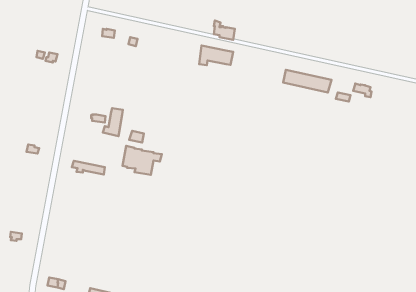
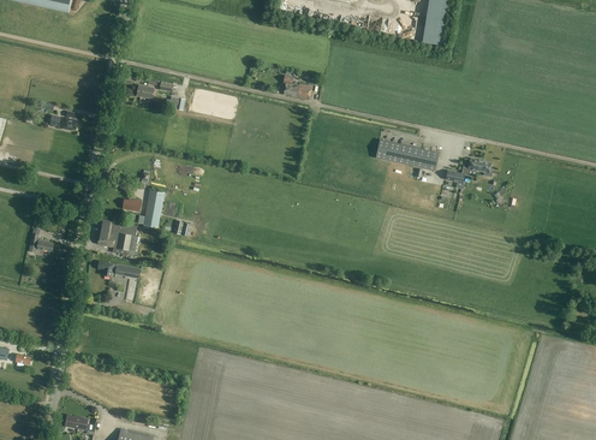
building: [199,46,233,65] -> none
building: [123,146,162,175] -> [96,216,148,255]

